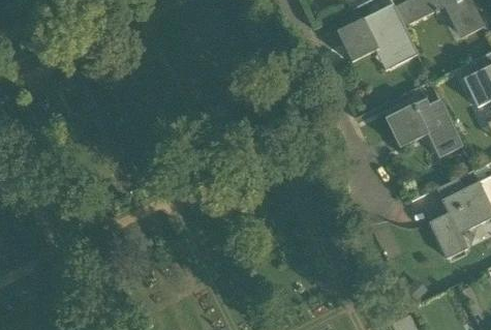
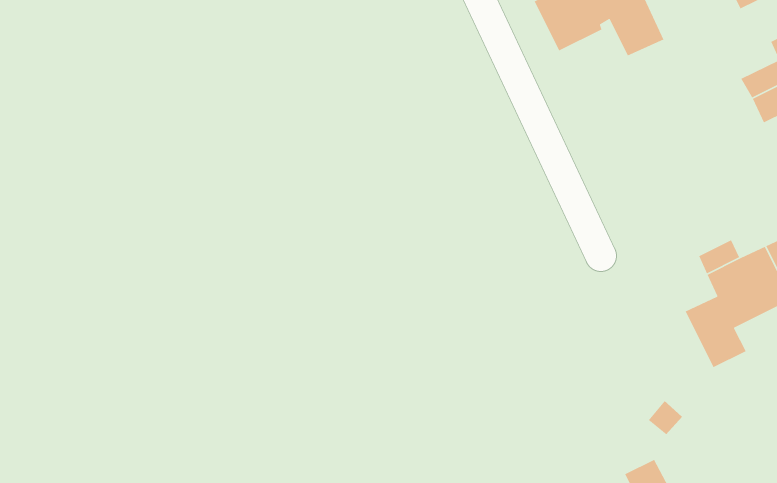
building: [386,99,461,154] -> none

